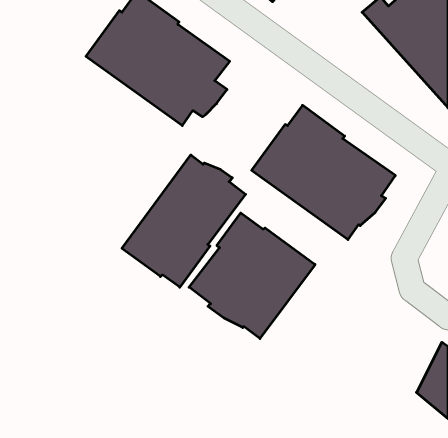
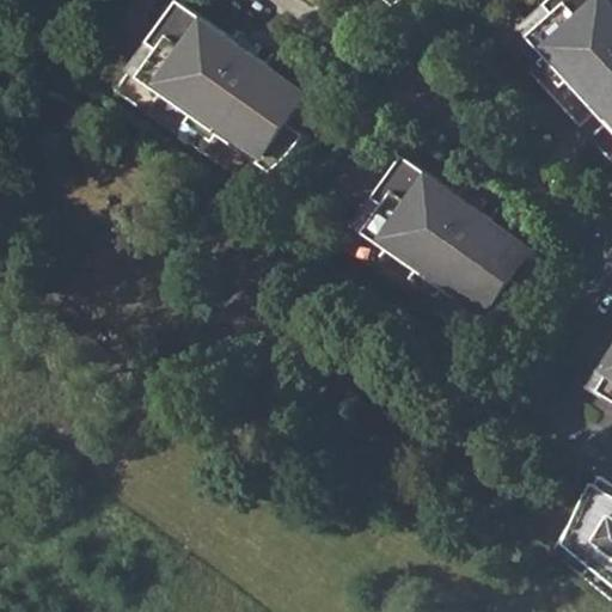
building: [122,155,246,287] -> none
building: [189,213,315,339] -> none

